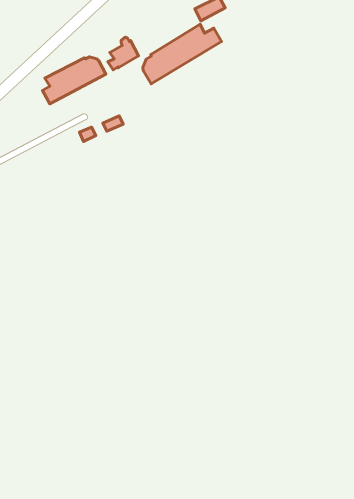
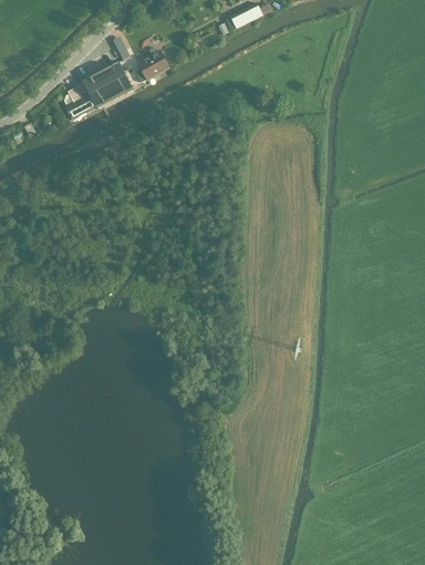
building: [143,24,222,84] -> none

